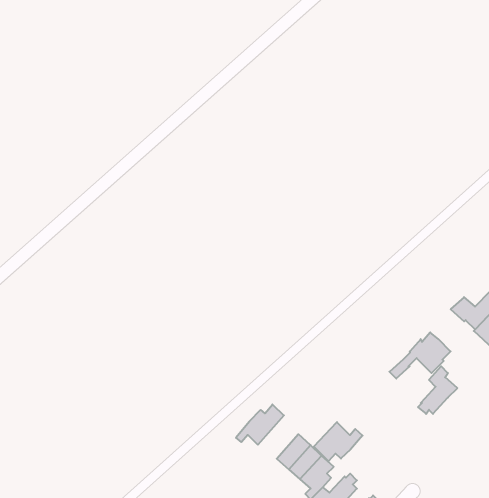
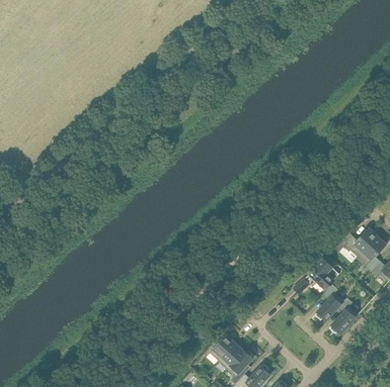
building: none -> [329,296,359,331]
building: [236,404,284,445] -> none
building: [314,422,363,461] -> none

